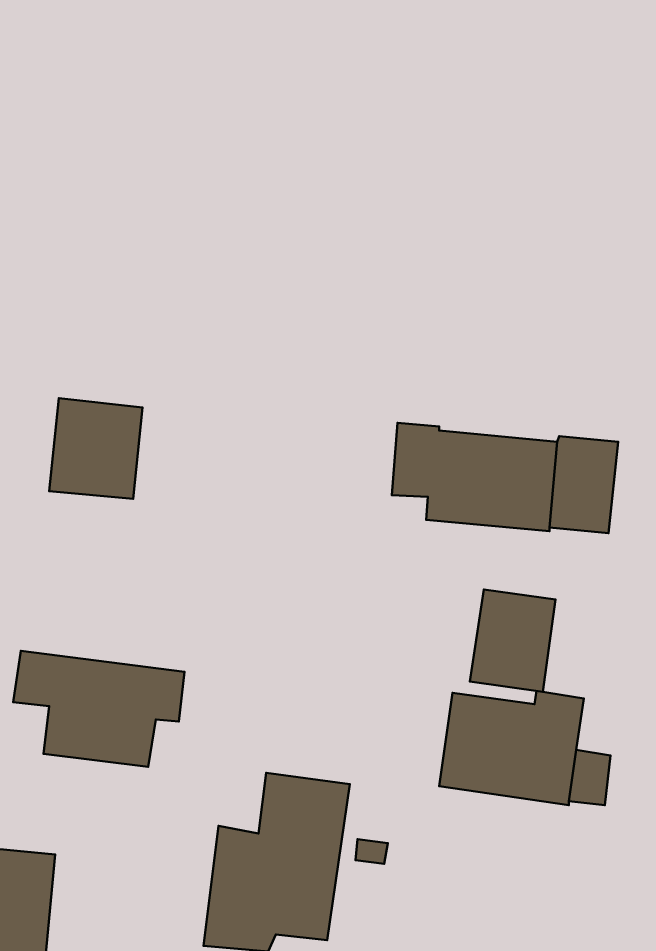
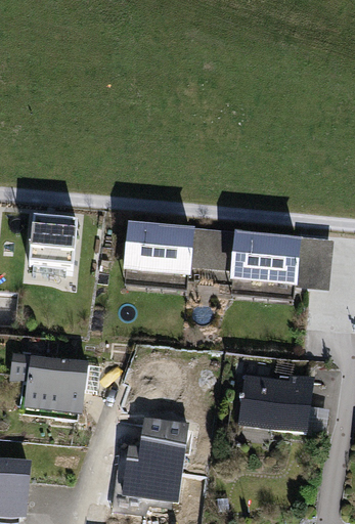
building: none -> [122,222,215,277]
building: [470,589,555,692] -> none

